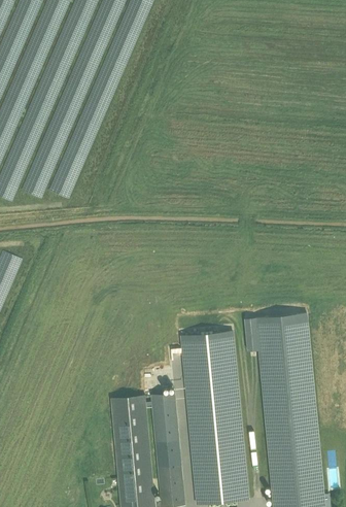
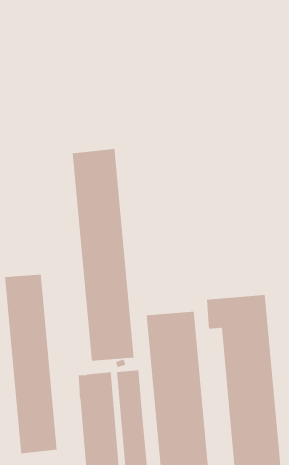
building: none -> [72,148,134,361]
building: none -> [4,274,57,454]

